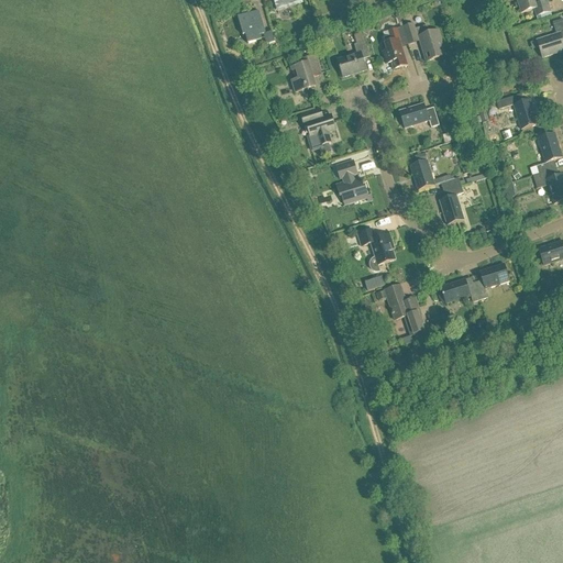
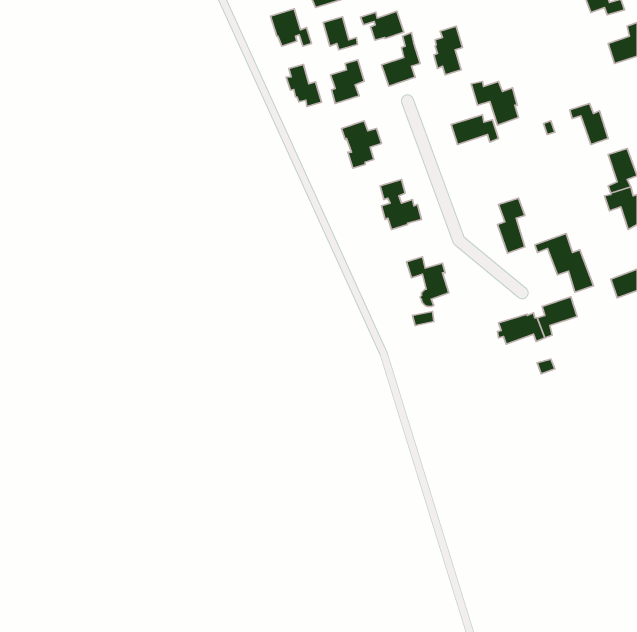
building: none -> [361,11,404,40]
building: none -> [323,17,358,50]
building: [402,21,444,59] -> [471,81,519,125]
building: none -> [286,64,322,106]
building: [410,157,434,188] -> none
building: [376,282,428,333] -> [535,234,594,292]

